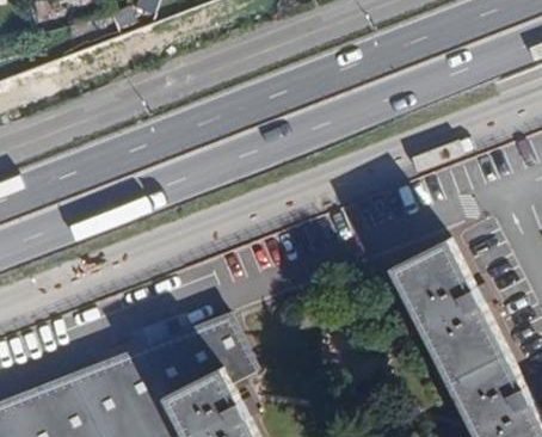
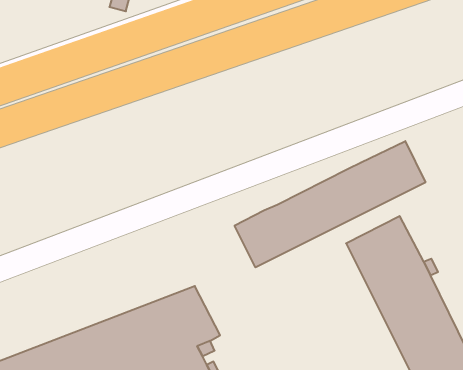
building: none -> [235,141,425,267]

